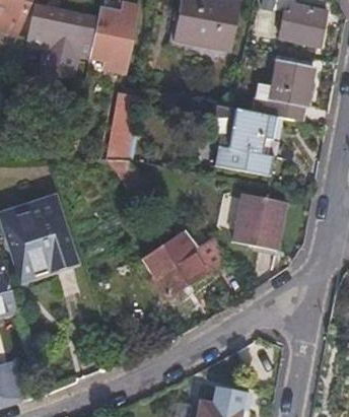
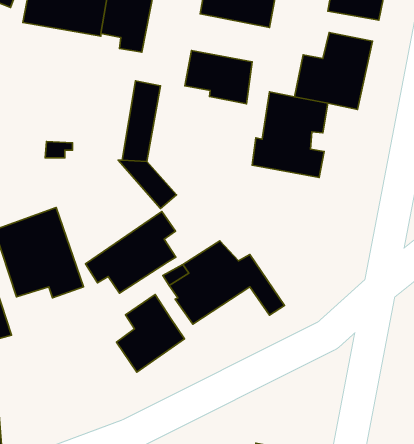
building: none -> [185,51,252,104]
building: [235,195,285,251] -> none
building: none -> [85,212,176,293]
building: none -> [116,295,185,372]

